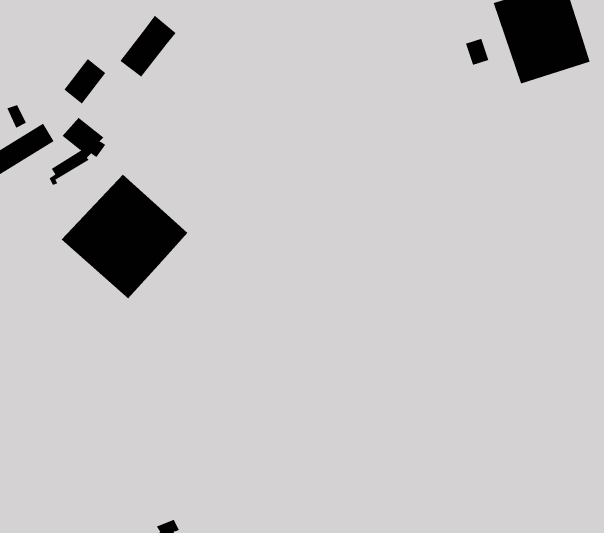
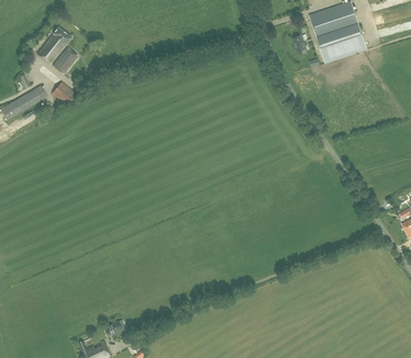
building: [119,15,177,77] -> [36,25,70,63]
building: [61,174,188,299] -> none

